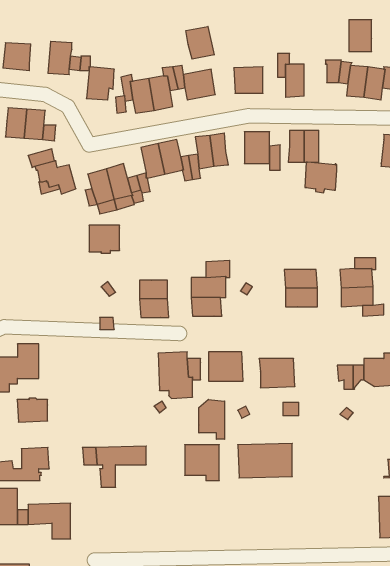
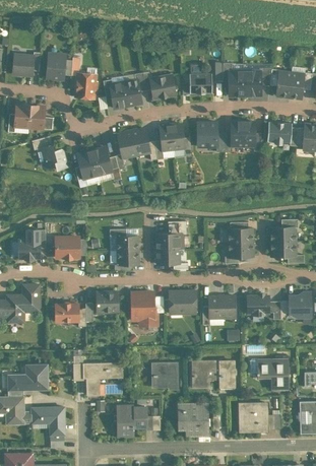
building: [349,20,372,52] -> [243,71,260,95]
building: [186,26,214,59] -> none
building: [305,162,337,193] -> [267,122,292,145]
building: [89,225,120,253] -> [56,238,79,259]
building: none -> [19,241,40,260]
building: none -> [97,292,119,312]
building: none -> [247,296,269,315]
building: [17,398,48,422] -> [55,304,78,322]
building: [199,399,225,439] -> none
building: none -> [250,359,288,389]
building: none -> [239,403,267,432]
building: none -> [178,404,207,436]
building: none -> [118,406,146,429]

